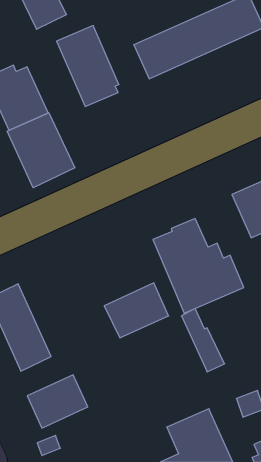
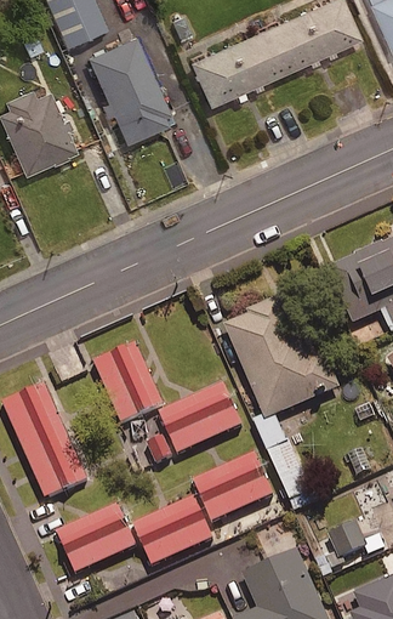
building: [7,113,75,188] -> none
building: none -> [90,340,160,421]
building: none -> [192,452,272,521]
building: none -> [130,494,211,564]

